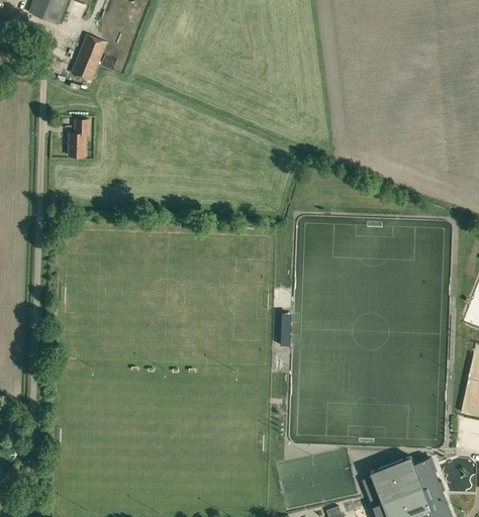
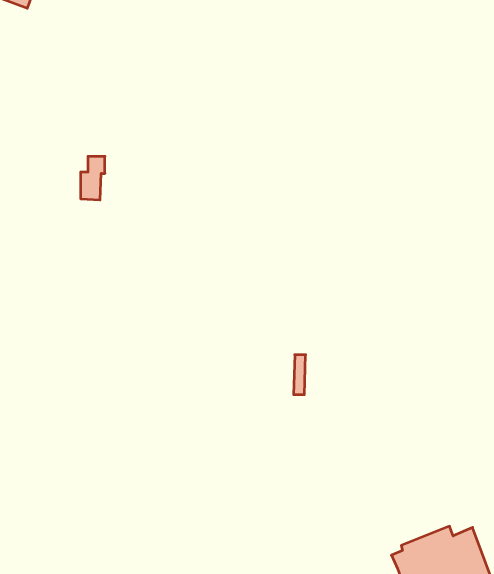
building: [71,35,107,83] -> none
building: [69,121,89,158] -> [81,156,105,200]

